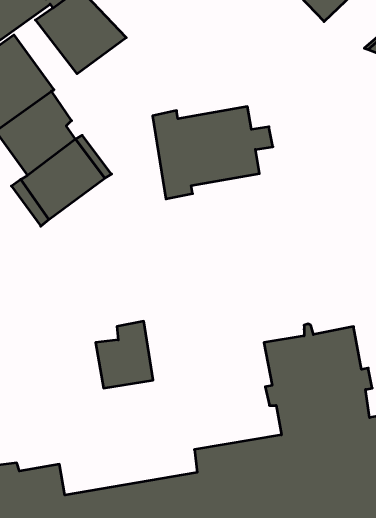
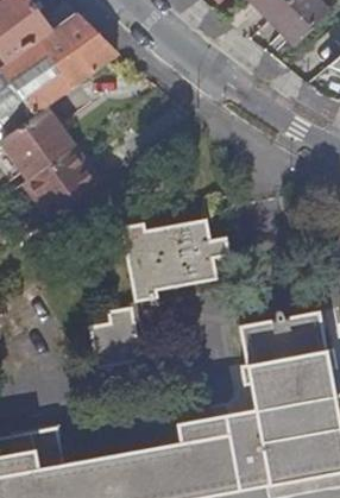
building: none -> [17,42,73,103]
building: [153,107,273,199] -> [121,220,228,302]

